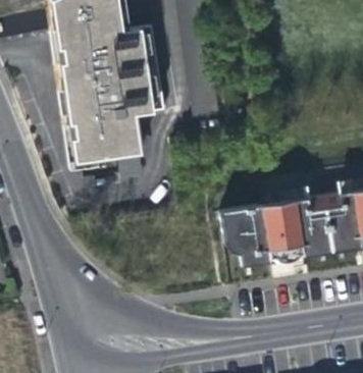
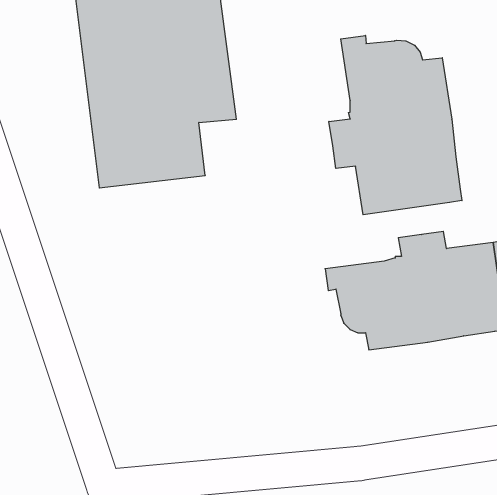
building: none -> [329,35,462,215]

